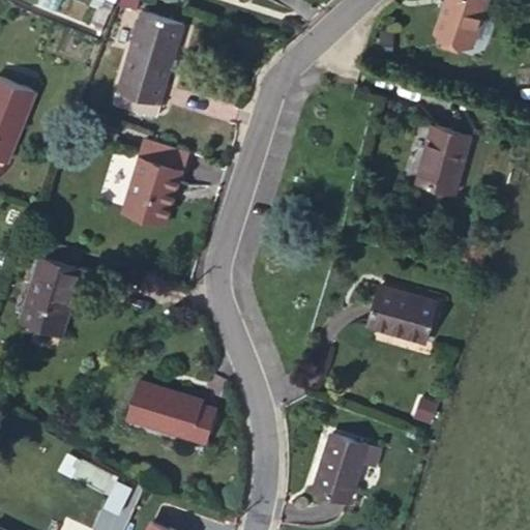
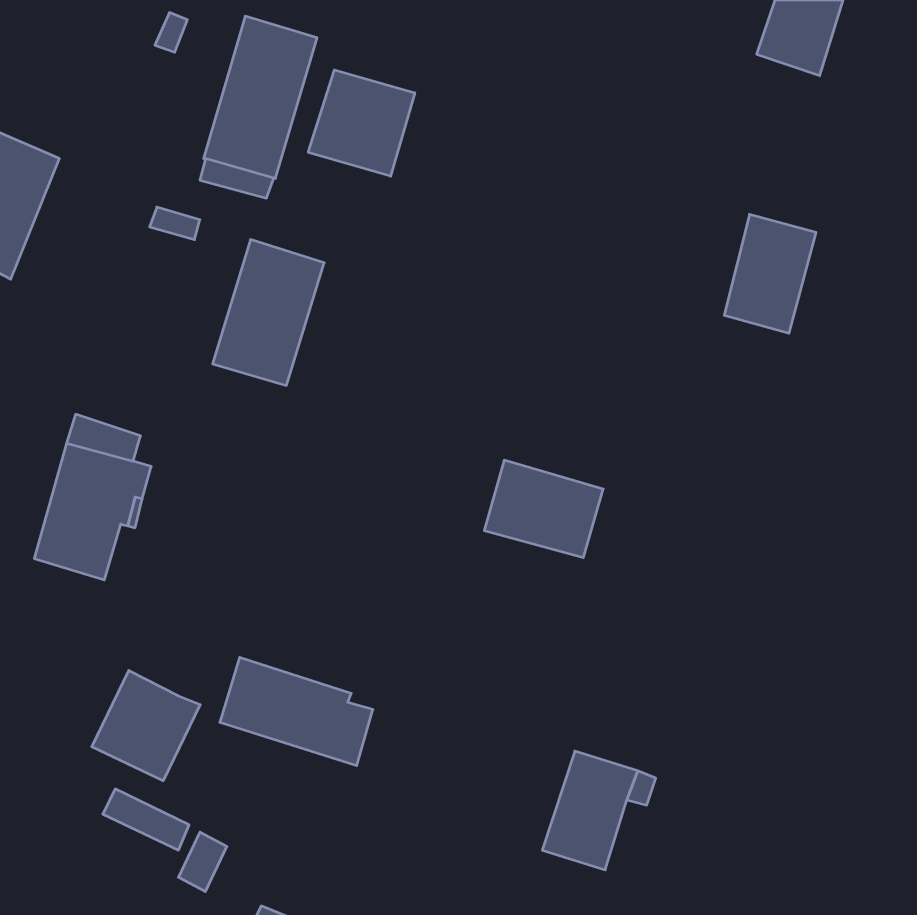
building: none -> [308,70,415,176]
building: [367,288,436,344] -> [484,460,603,558]
building: none -> [92,670,200,781]

